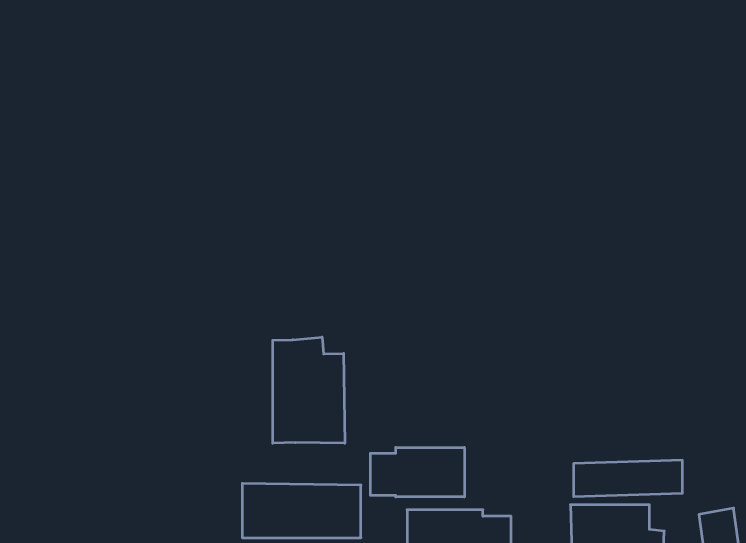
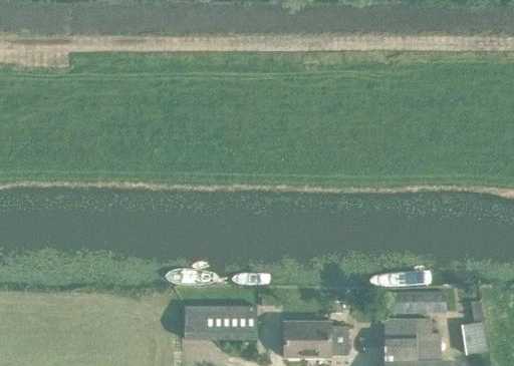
building: [273,337,345,443] -> none
building: [370,447,464,497] -> none

